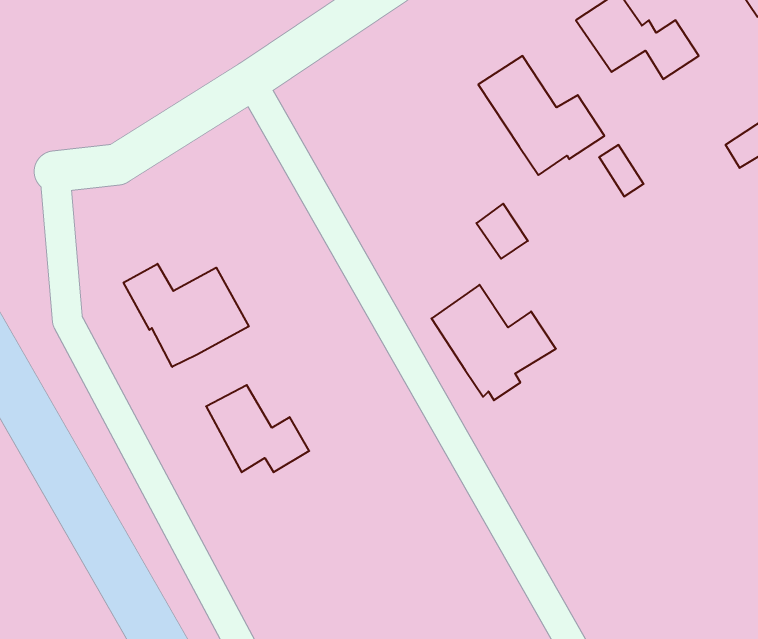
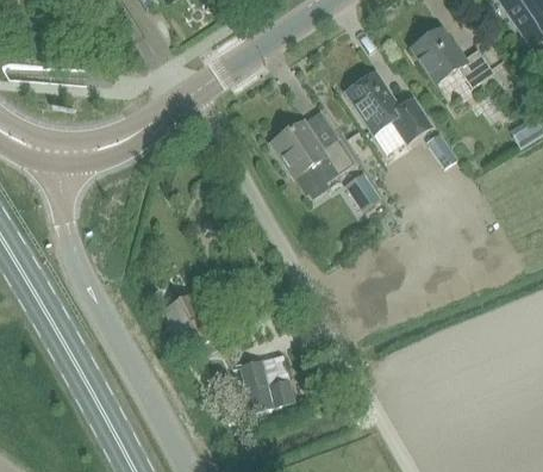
building: [124,264,249,367] -> none
building: [431,285,556,400] -> [270,118,354,195]
building: none -> [239,359,294,410]

